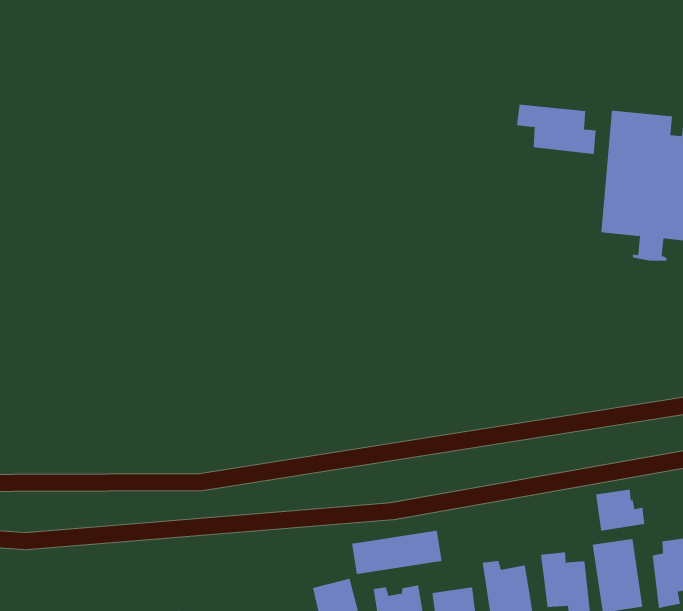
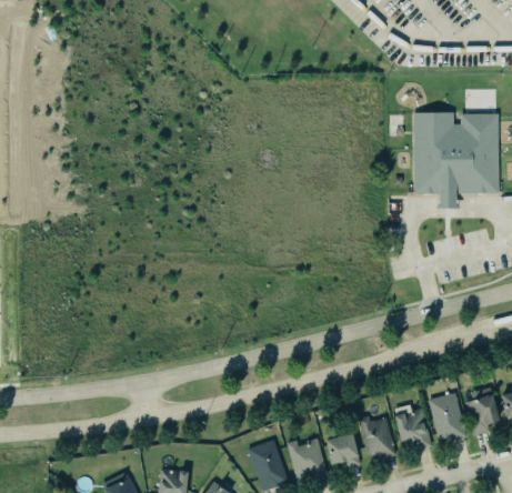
building: [517,104,596,155] -> none
building: [596,489,645,532] -> none
building: [352,530,442,575] -> none

